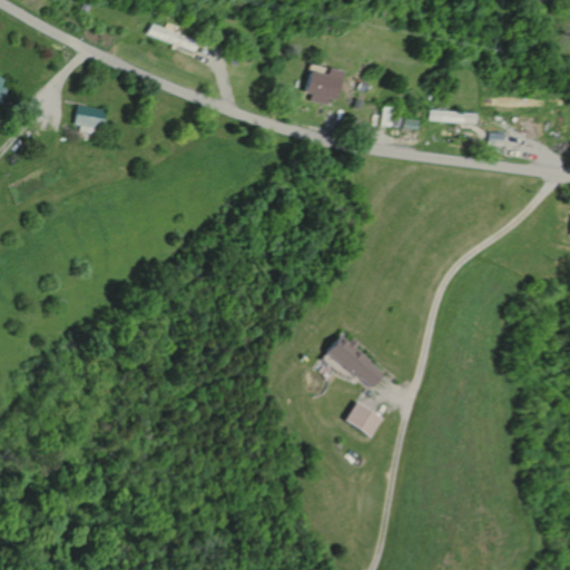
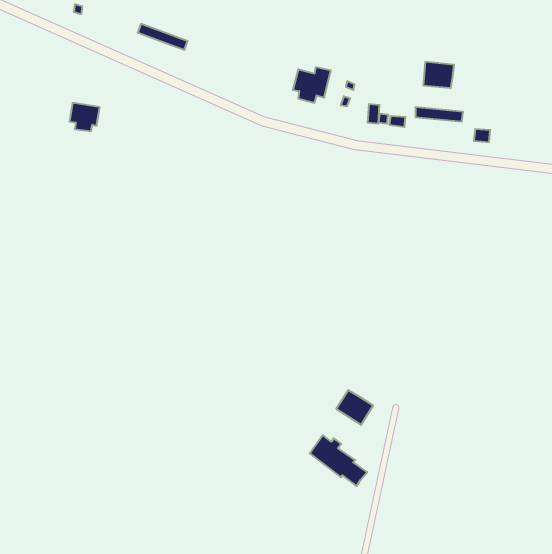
building: none -> [424,62,454,88]
building: [327,334,386,386] -> [310,435,367,486]

